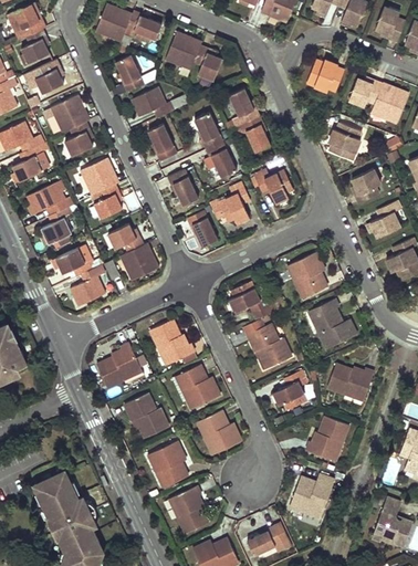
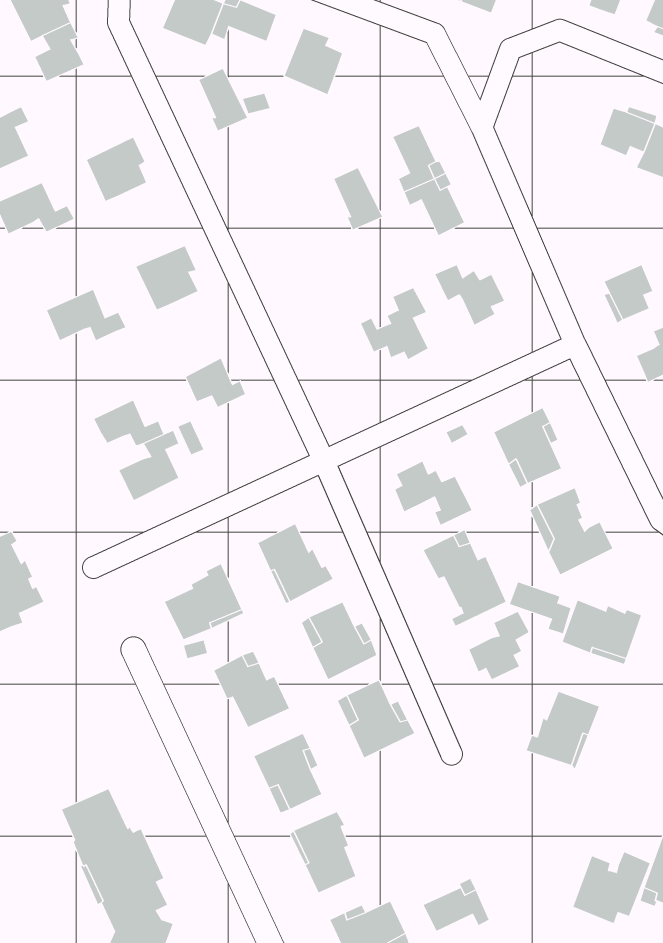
building: [195,45,222,81] -> none
building: [35,60,64,94] -> none
building: [309,60,343,92] -> none
building: [132,86,178,117] -> none
building: [65,122,93,156] -> none
building: [148,124,177,161] -> none
building: [328,124,360,158] -> none
building: [206,142,237,178] -> none
building: [13,145,43,181] -> none
building: [168,169,199,206] -> none
building: [94,185,123,219] -> none
building: [42,208,72,243] -> none
building: [187,210,218,247] -> none
building: [119,244,159,281] -> none
building: none -> [509,582,571,634]
building: [290,474,335,516] -> [572,852,650,924]

